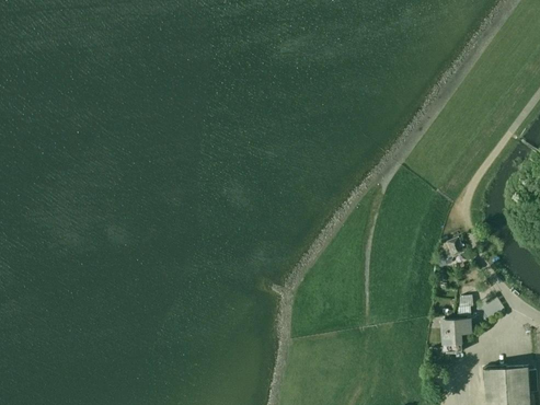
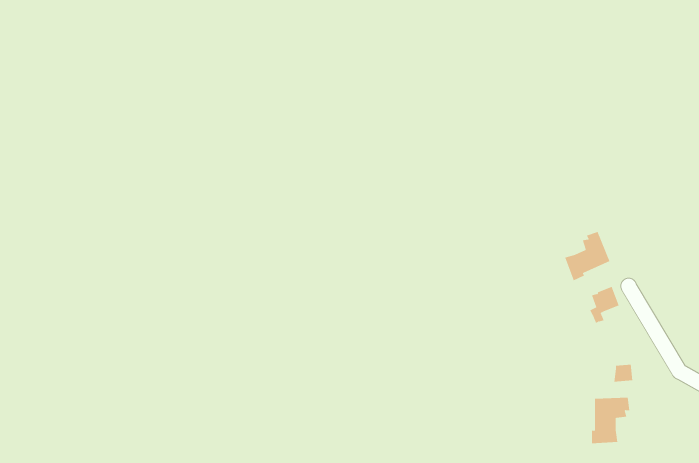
building: none -> [564,231,610,281]

